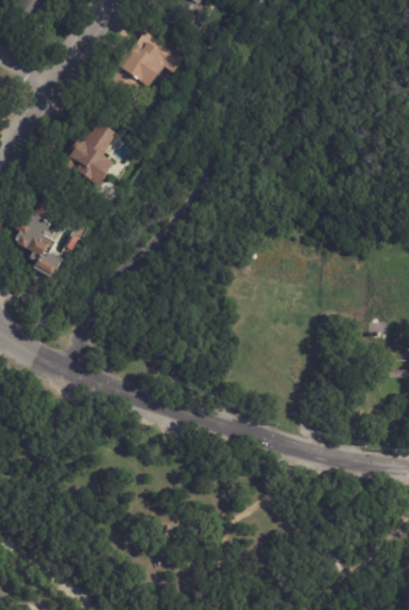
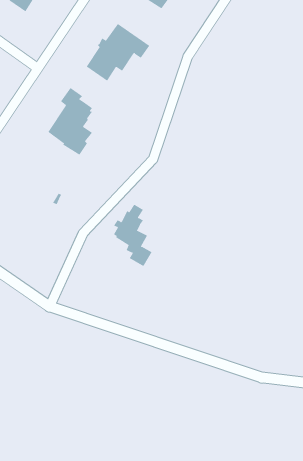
building: [16,204,63,280] -> [113,204,153,267]

